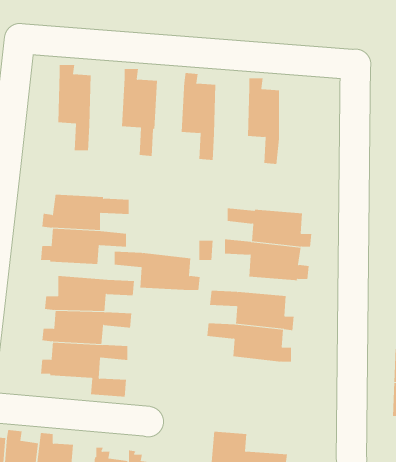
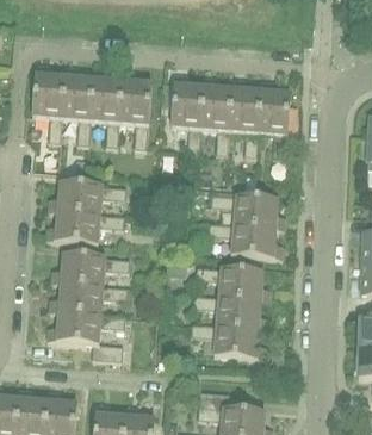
building: none -> [32,63,63,141]
building: none -> [91,67,120,144]
building: none -> [200,75,230,153]
building: none -> [258,80,290,156]
building: [114,251,201,291] -> [191,322,267,356]

